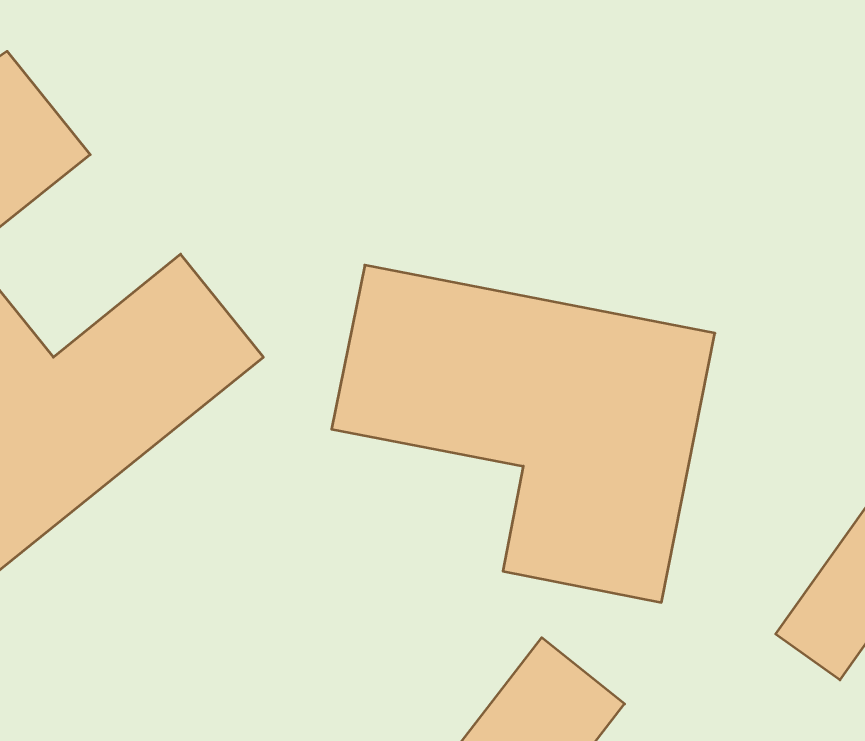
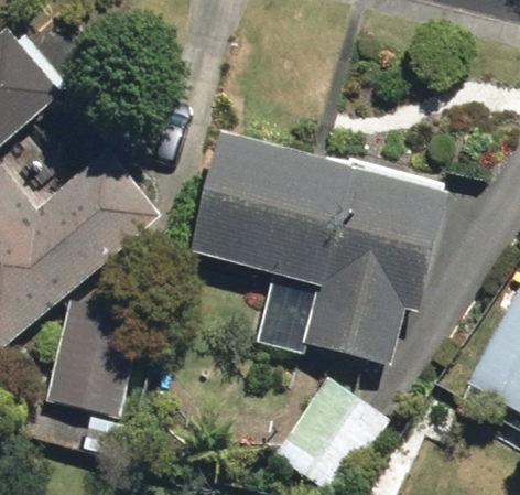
building: none -> [48,302,134,413]

